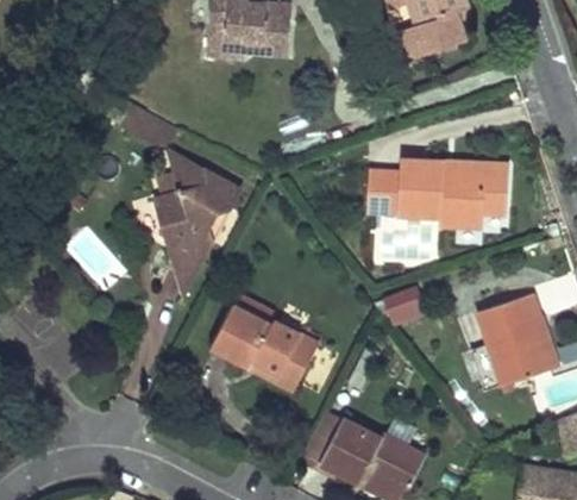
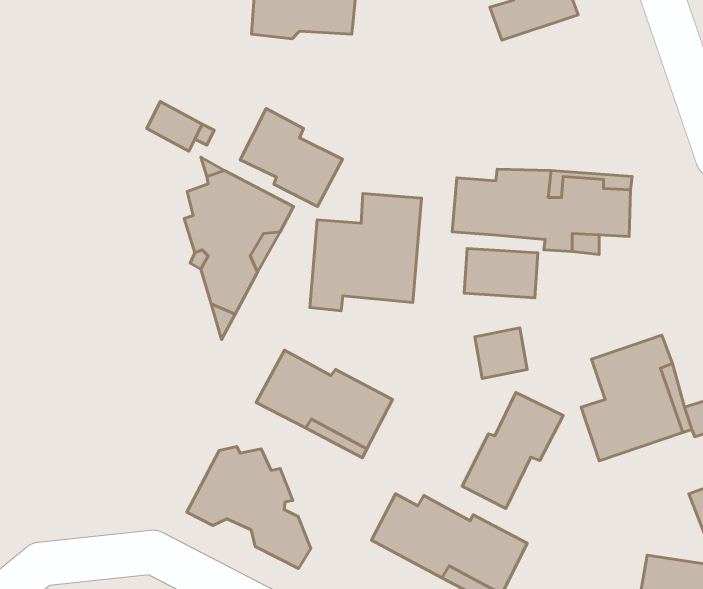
building: none -> [240,109,342,206]
building: none -> [310,194,421,311]
building: none -> [462,393,563,509]
building: none -> [187,446,311,568]

